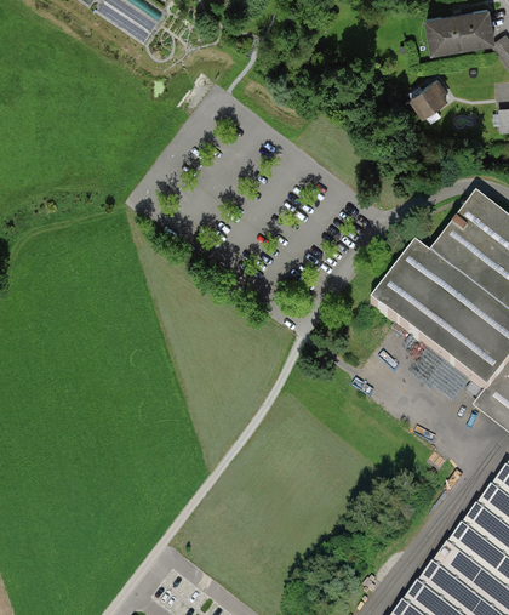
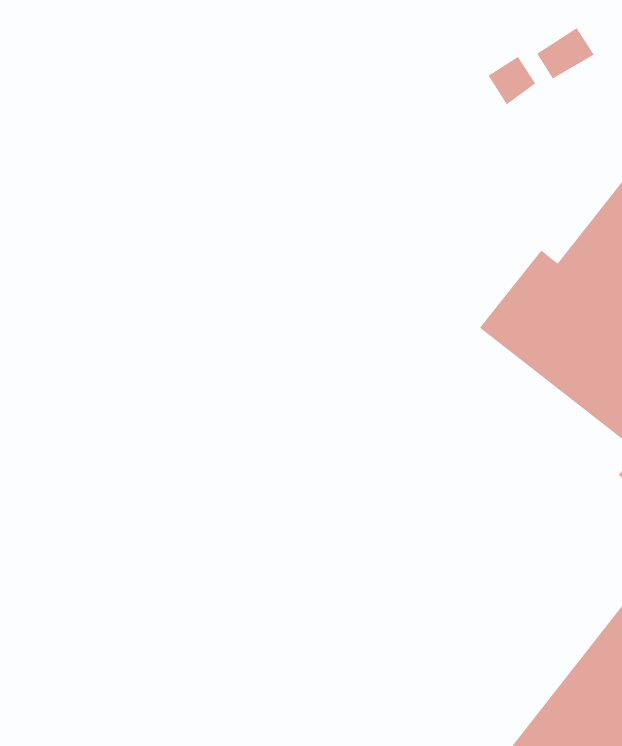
building: none -> [487,56,536,105]

